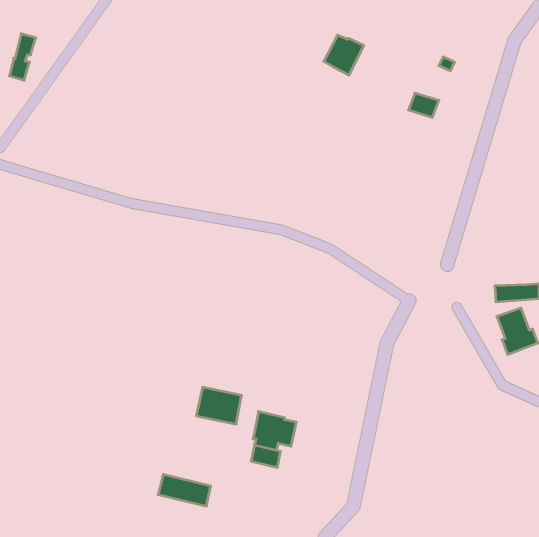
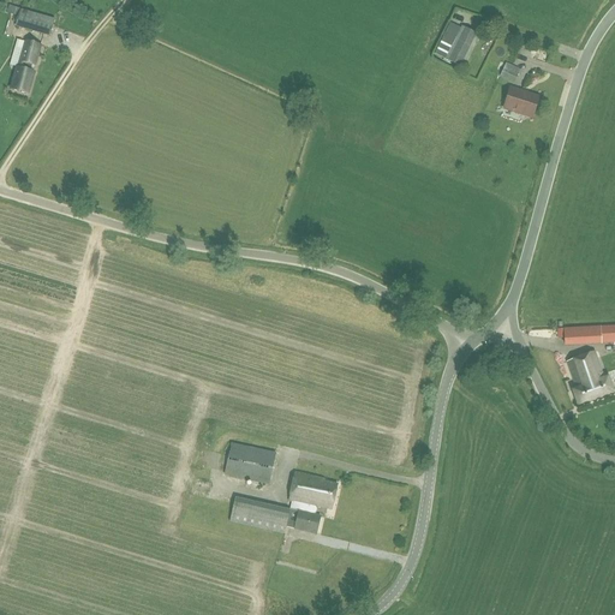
building: none -> [14,7,54,34]
building: [324,35,364,75] -> [434,20,479,66]
building: [408,93,439,117] -> [503,86,538,114]
building: [158,474,211,506] -> [229,495,289,531]

